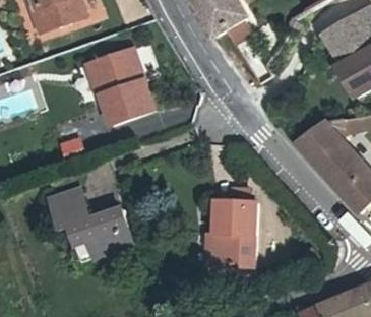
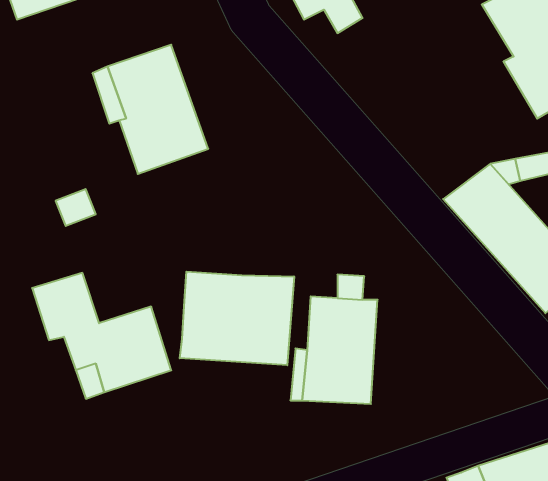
building: none -> [180,272,294,365]

